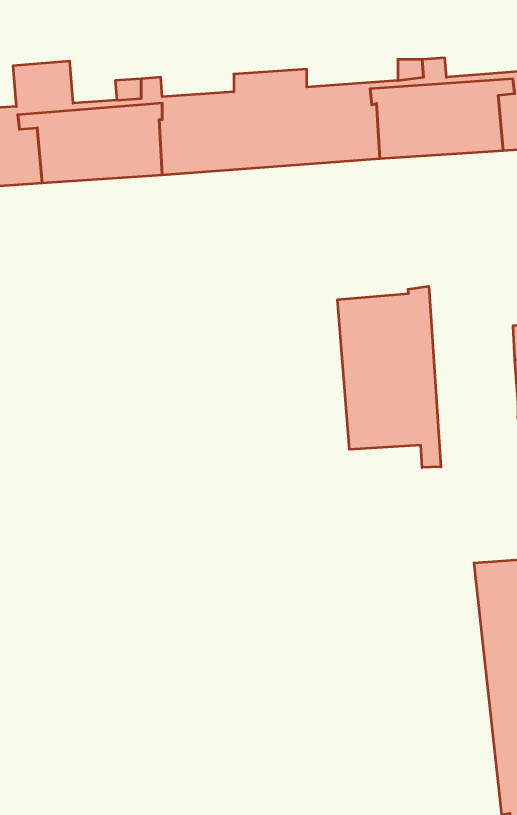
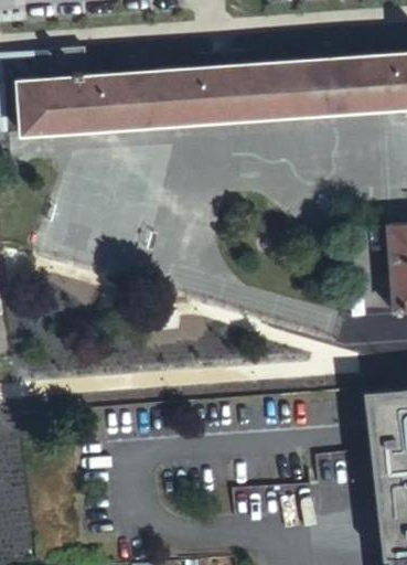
building: [338,286,441,468] -> none

